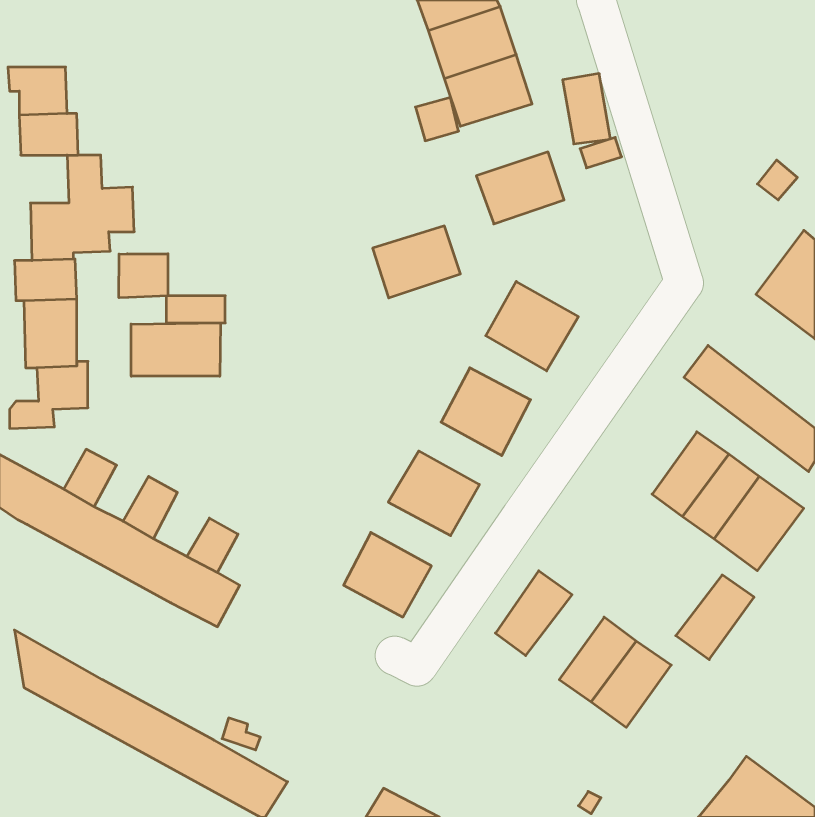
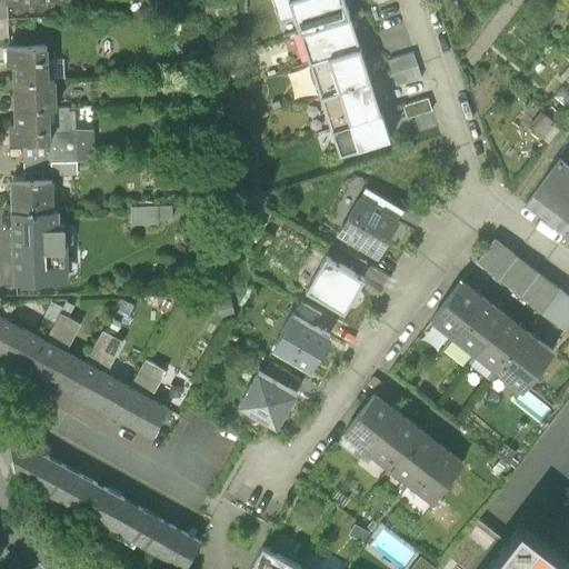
building: none -> [9,108,48,142]
building: [373,226,460,298] -> [320,72,381,122]
building: [119,254,168,298] -> none
building: [131,323,220,376] -> none
building: none -> [428,282,485,343]
building: [676,575,754,660] -> [366,413,420,472]

